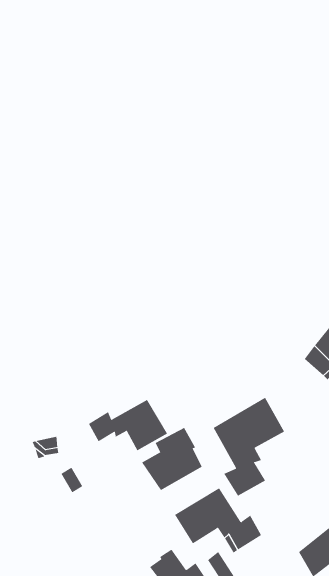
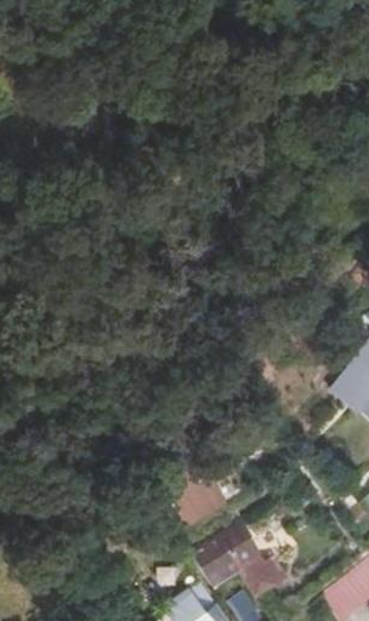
building: [213,397,285,497] -> none
building: [88,399,168,451] -> none

